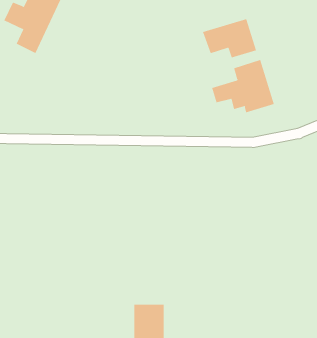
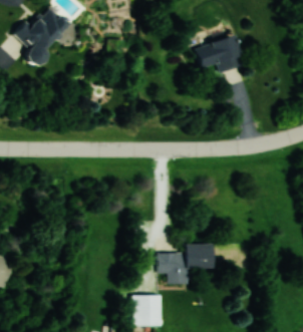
building: [212,59,274,113] -> none
building: none -> [158,244,213,285]

